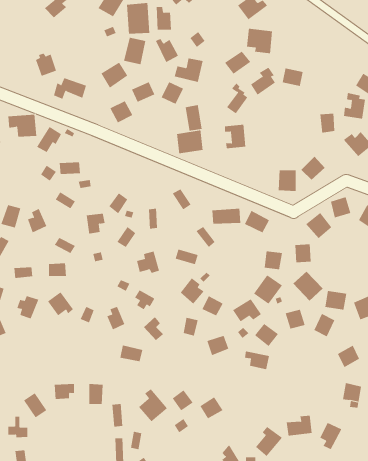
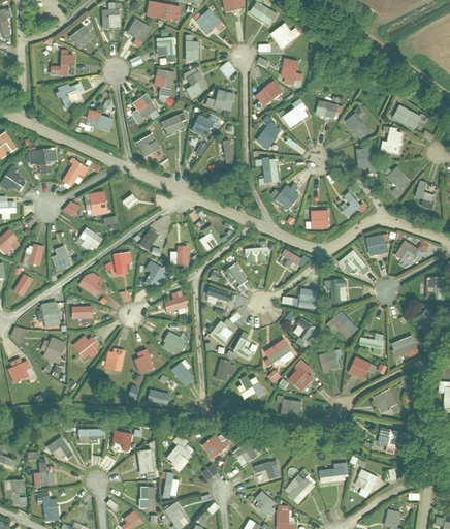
building: none -> [50,49,74,76]
building: none -> [344,113,372,142]
building: [176,130,203,154] -> none
building: none -> [272,181,302,208]
building: none -> [251,460,277,483]

